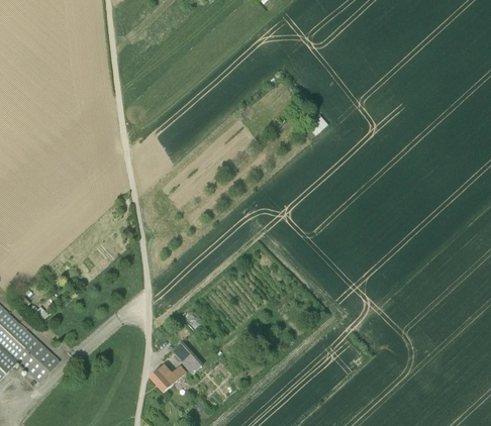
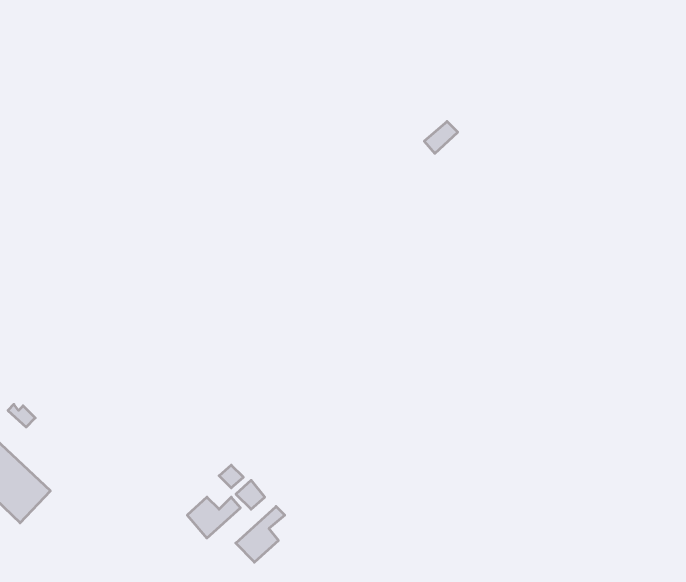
building: none -> [236,506,285,562]

